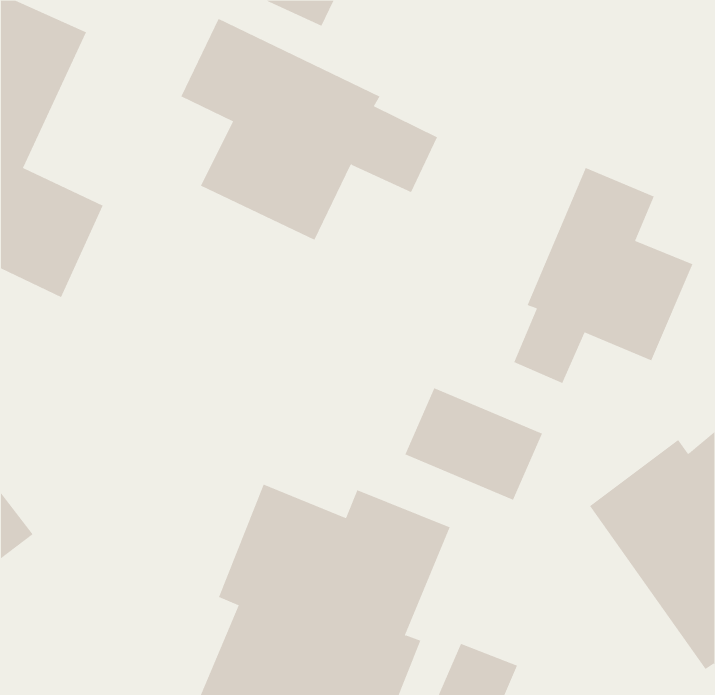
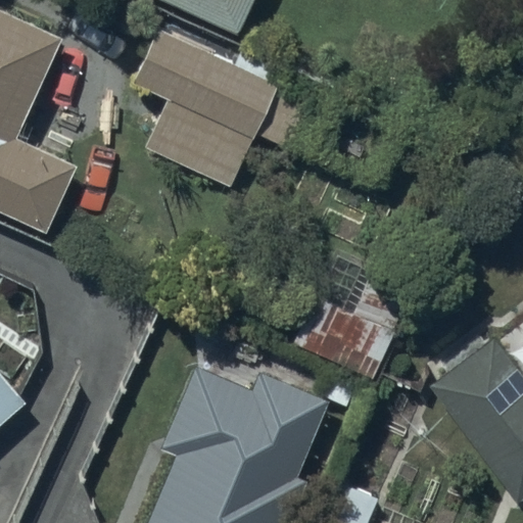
building: [514,167,693,384] -> none

